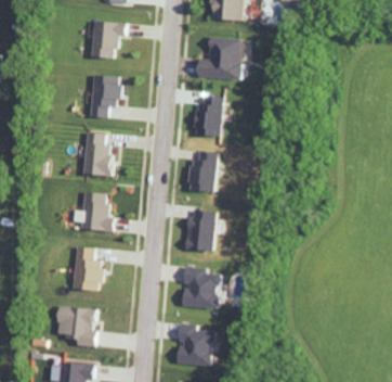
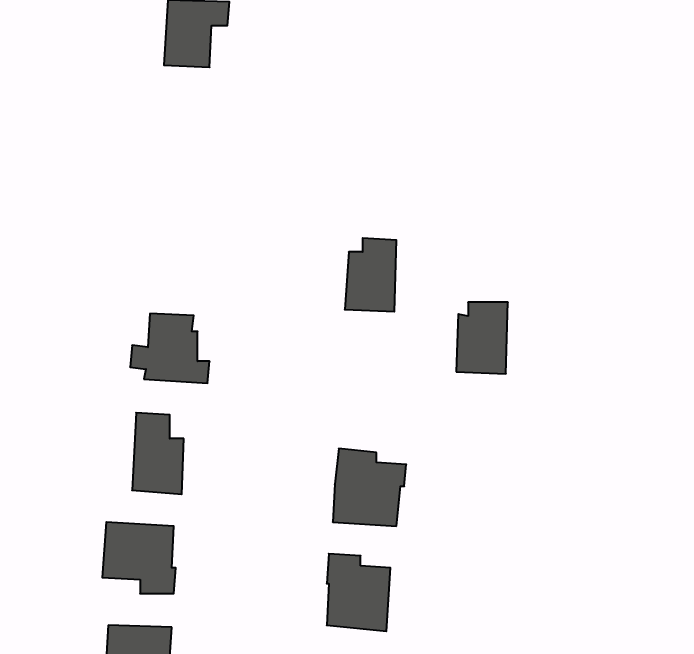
building: [198,37,244,79] -> none
building: [90,75,118,116] -> none
building: [195,96,222,135] -> none
building: [83,131,113,175] -> none
building: [186,211,214,250] -> [456,302,508,374]

